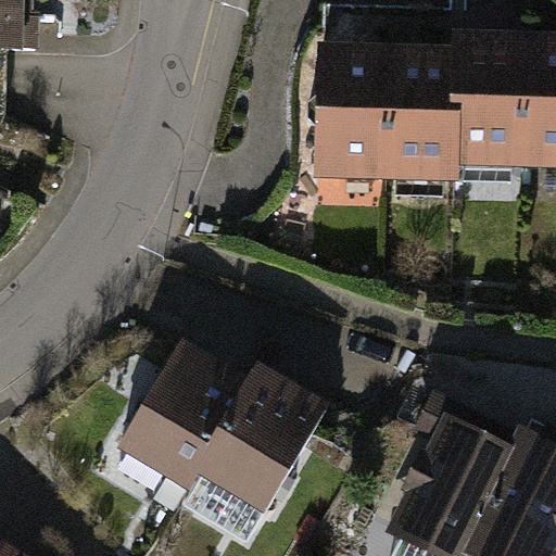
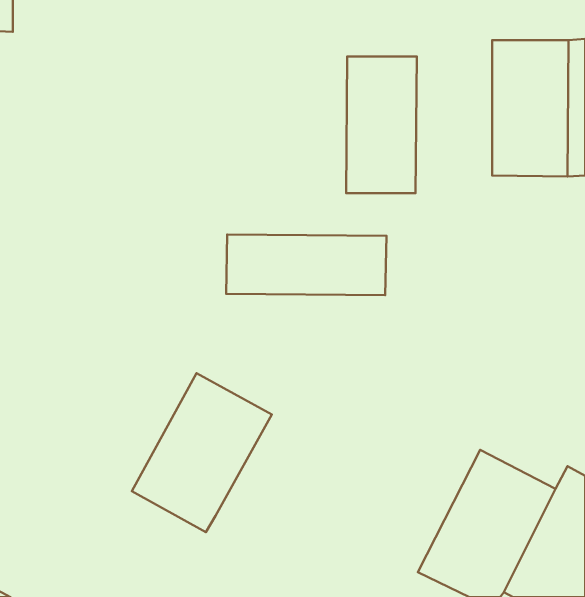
building: [383,52,454,178] -> none
building: none -> [226,234,386,295]
building: [199,368,326,513] -> none

